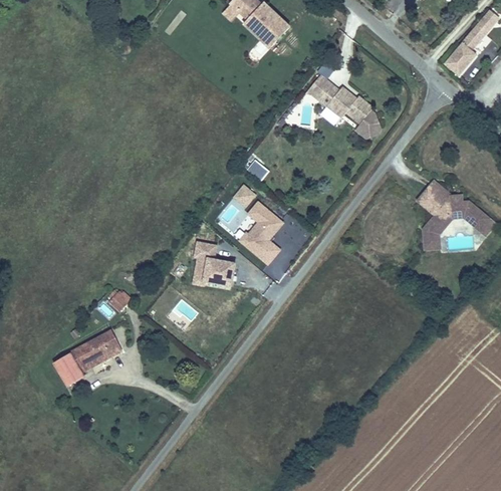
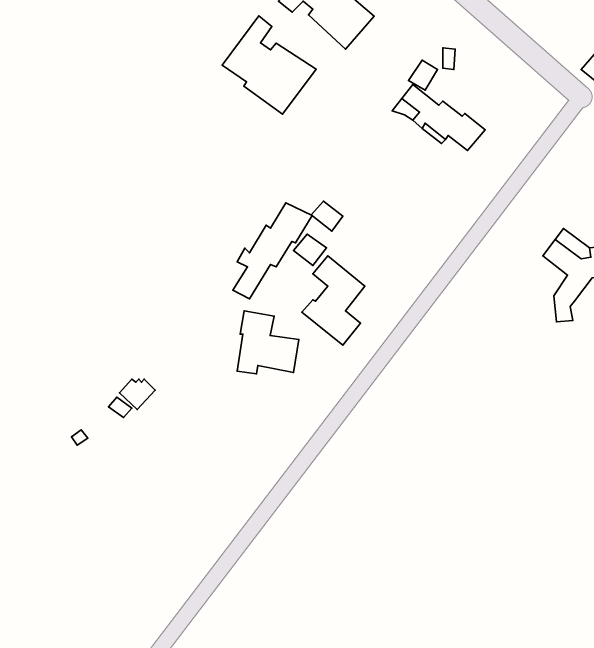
building: none -> [222,16,316,114]
building: [360,108,383,138] -> none
building: none -> [233,203,312,299]
building: [53,330,122,387] -> none

